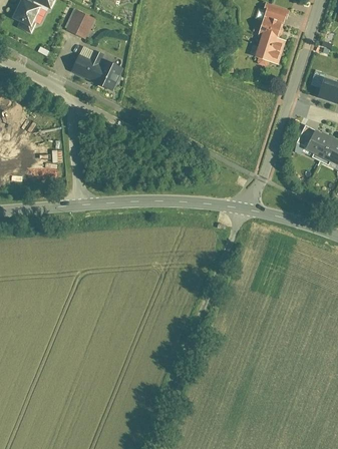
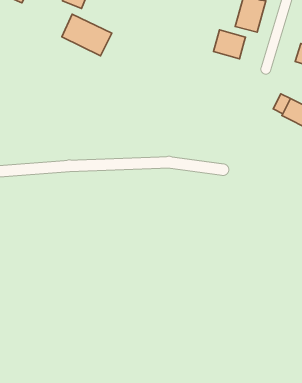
building: none -> [213,30,246,59]

